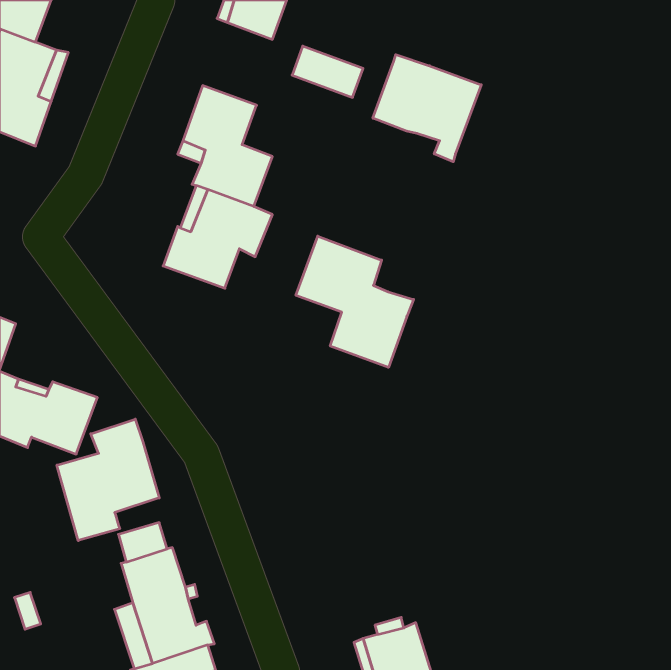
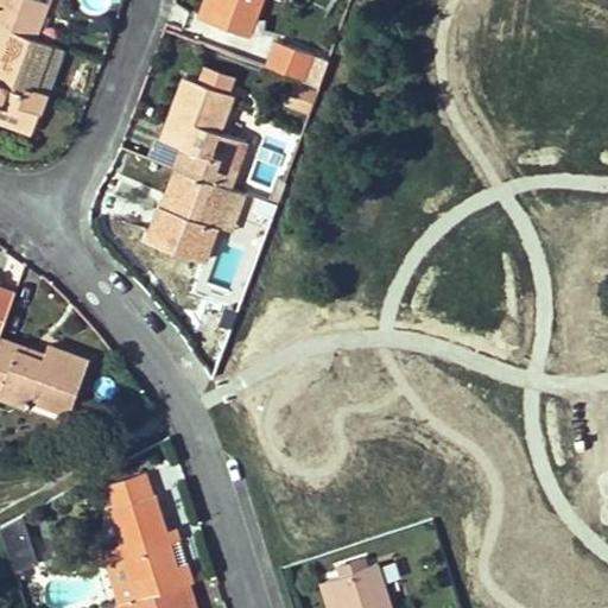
building: [373,55,481,162] -> none
building: [296,236,414,367] -> none
building: [57,419,159,541] -> none

